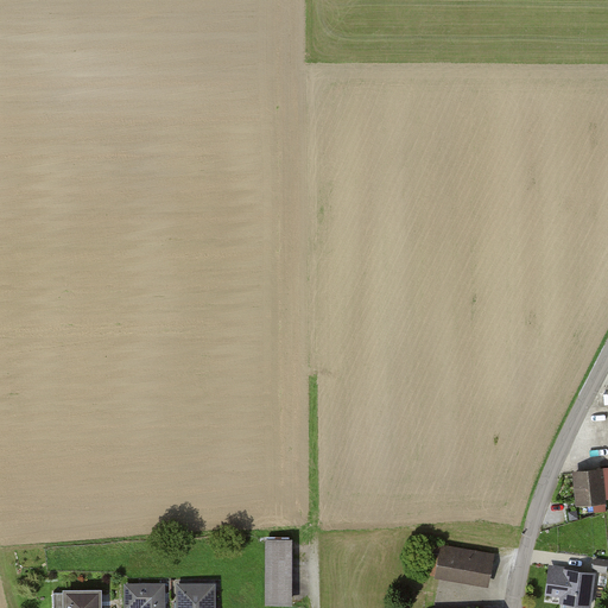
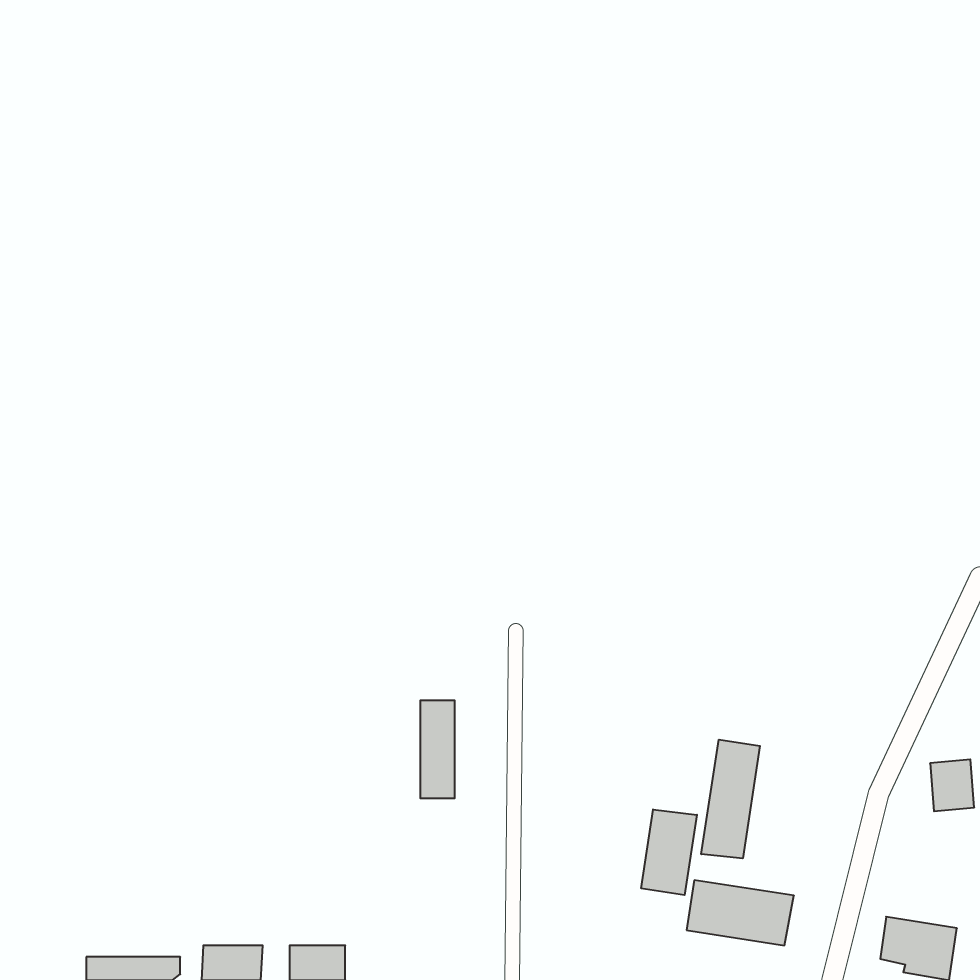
building: none -> [701,740,760,858]
building: none -> [641,809,697,895]
building: [268,542,290,602] -> [420,700,455,798]

